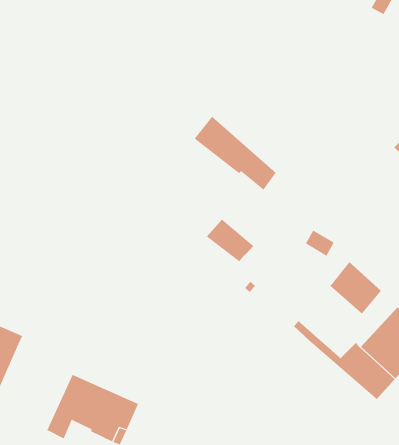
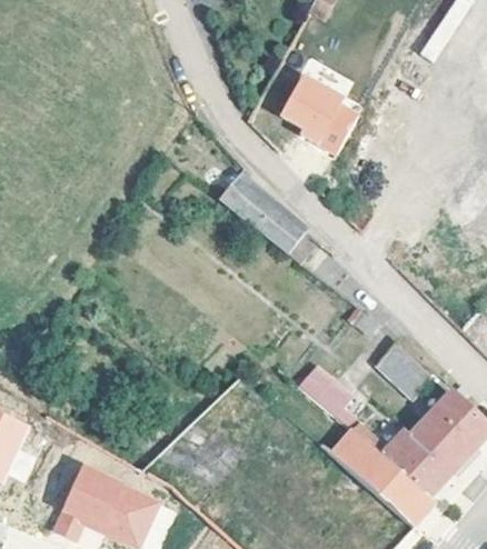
building: none -> [277,70,365,150]
building: [206,219,254,262] -> [297,363,351,412]
building: none -> [332,429,436,526]

